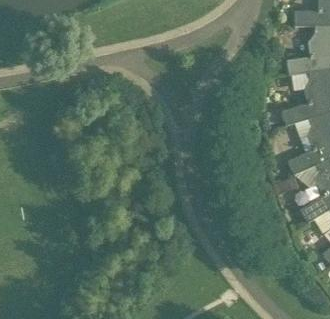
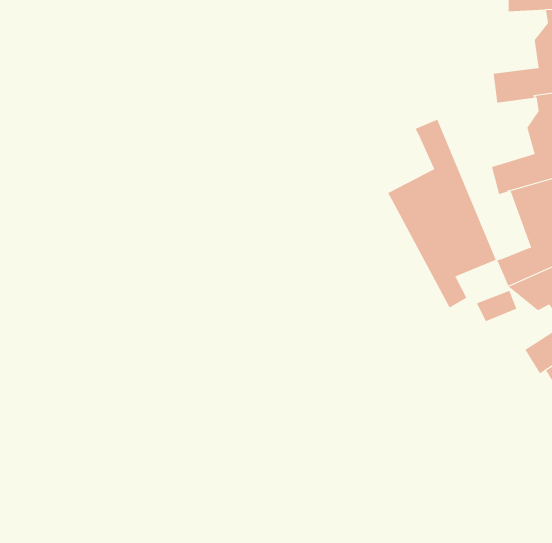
building: none -> [386,119,497,308]

